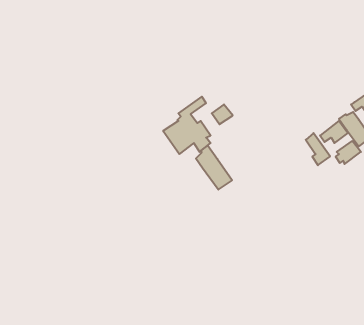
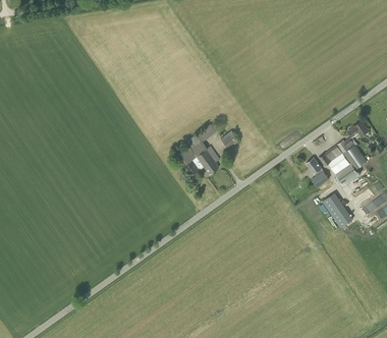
building: [196,146,232,190] -> none
building: none -> [322,192,352,227]

